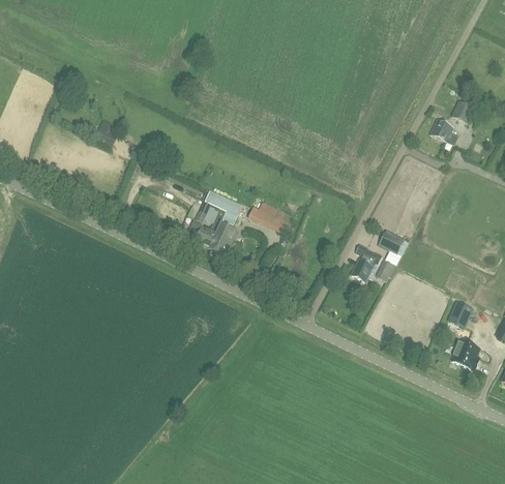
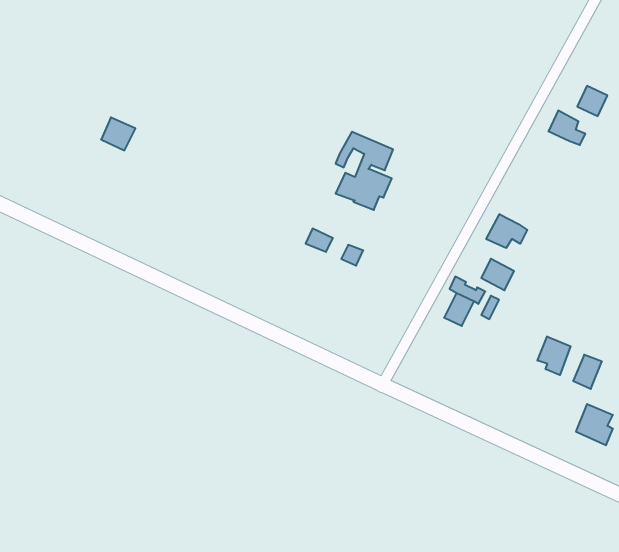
building: [197,193,240,252] -> [336,132,393,210]
building: none -> [486,214,527,248]
building: none -> [537,336,571,375]

